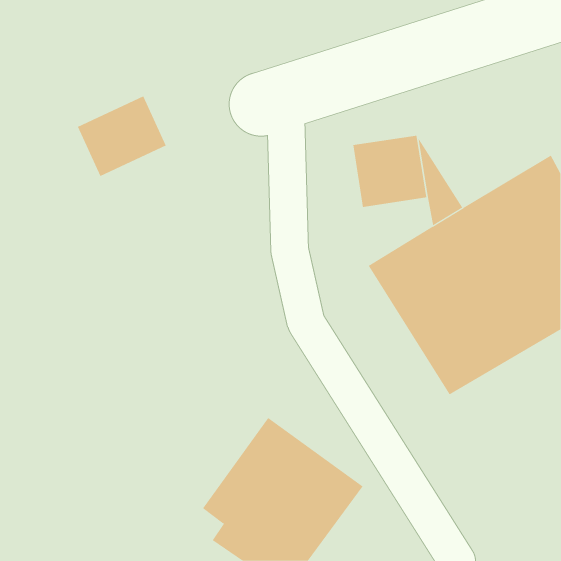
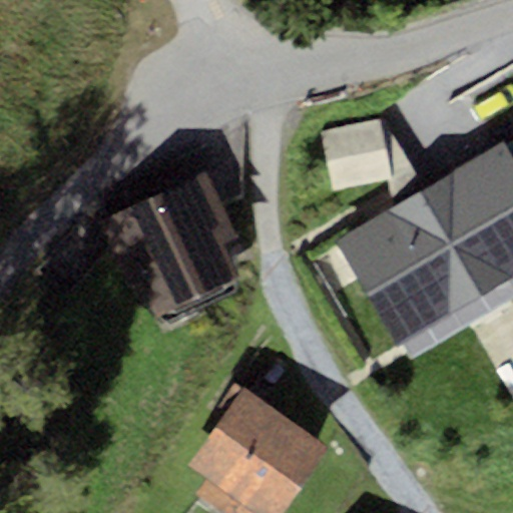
building: [77,95,167,177] -> none
building: none -> [98,172,240,318]

